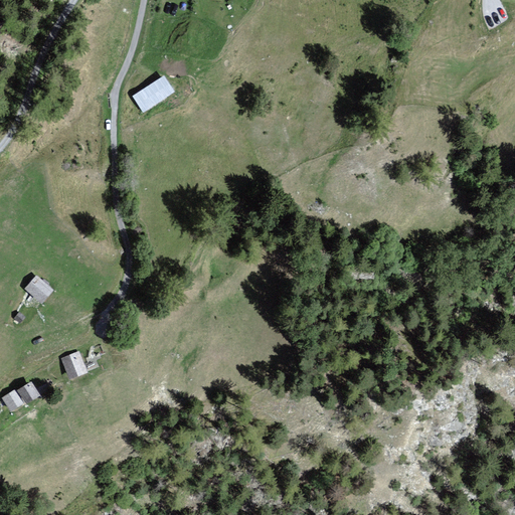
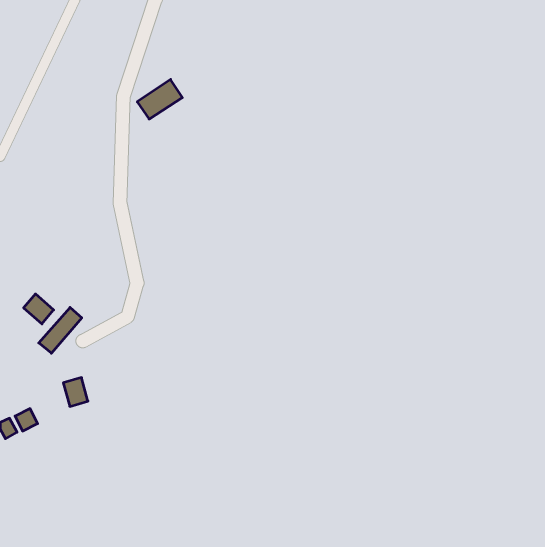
building: none -> [39,307,82,353]

